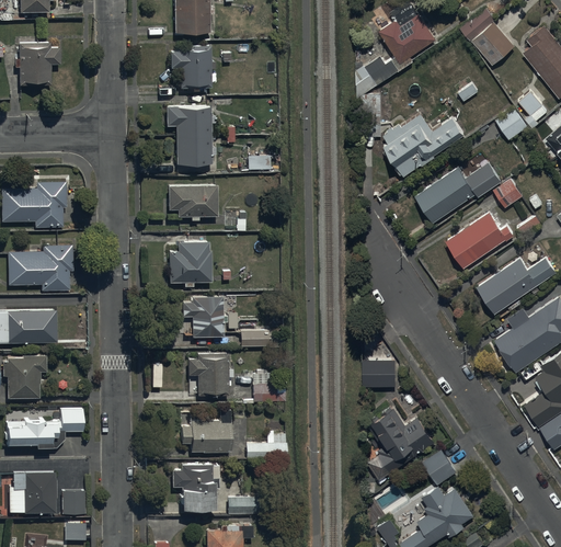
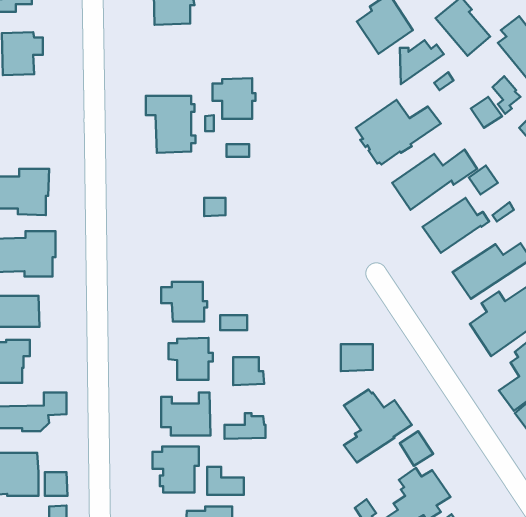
building: [170,46,214,88] -> [212,78,255,119]
building: [355,54,400,99] -> [400,40,444,84]
building: [168,184,220,225] -> none
building: [168,241,210,286] -> none

